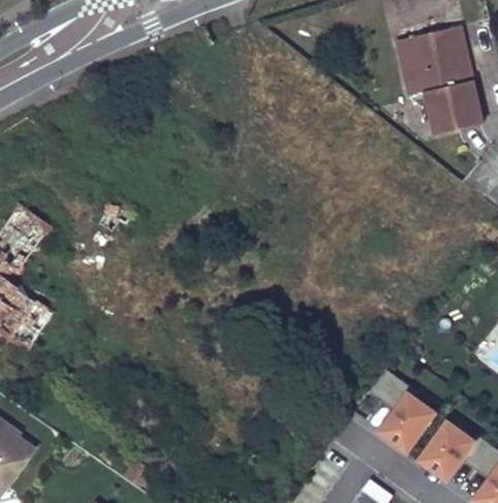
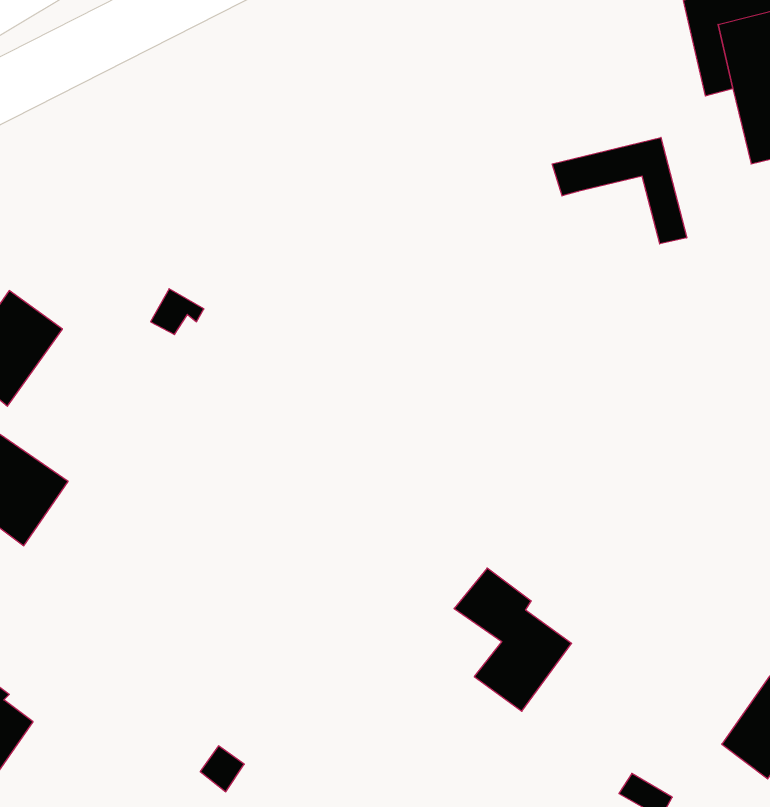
building: none -> [552,137,687,244]
building: [368,371,434,451] -> [454,568,572,711]

